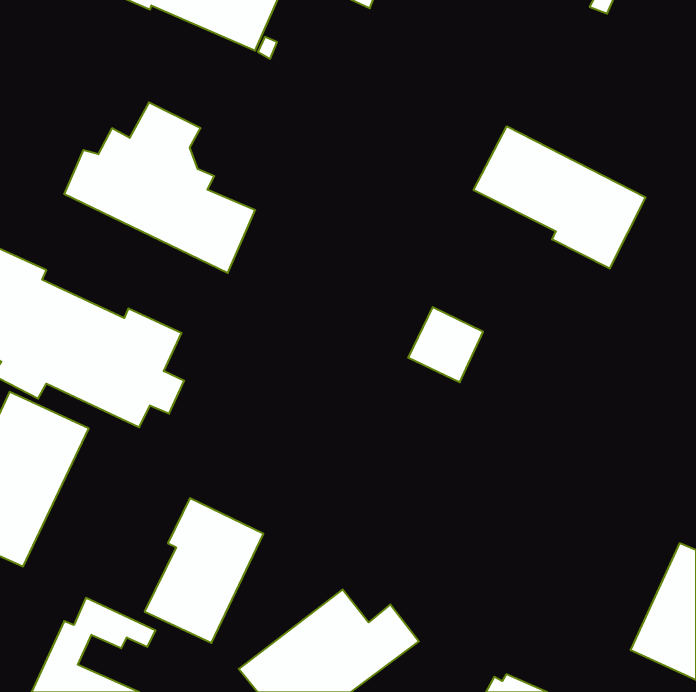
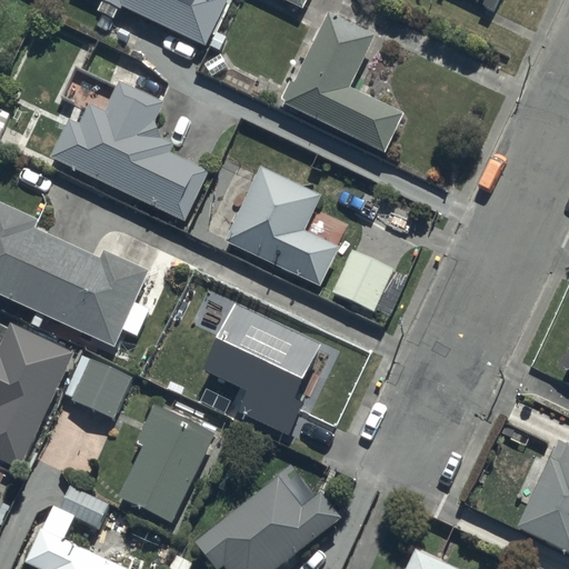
building: none -> [281,12,401,152]
building: [474,126,646,269] -> none
building: none -> [223,168,340,288]
building: none -> [202,299,320,430]
building: none -> [64,357,134,419]

